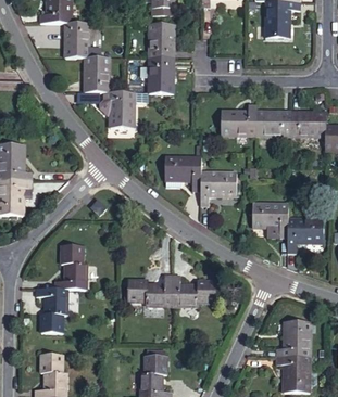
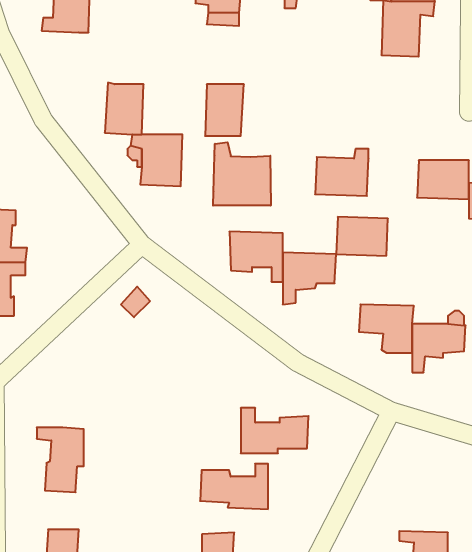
building: [62,23,88,57] -> none
building: [149,25,175,57] -> none
building: none -> [213,142,271,206]
building: [256,107,291,133] -> [336,217,388,256]
building: [52,245,85,289] -> none
building: [126,274,172,305] -> [200,464,268,509]
building: [278,322,312,358] -> none

